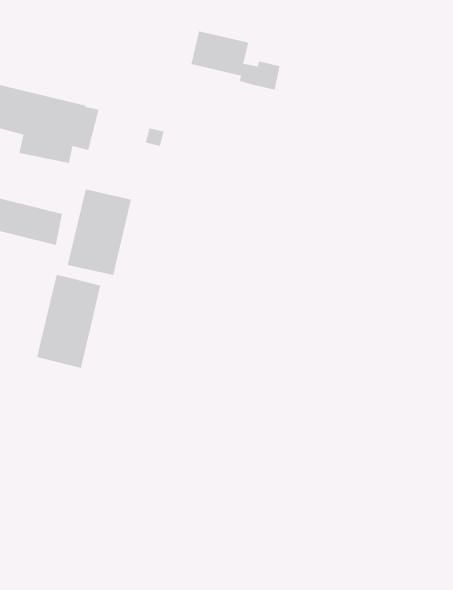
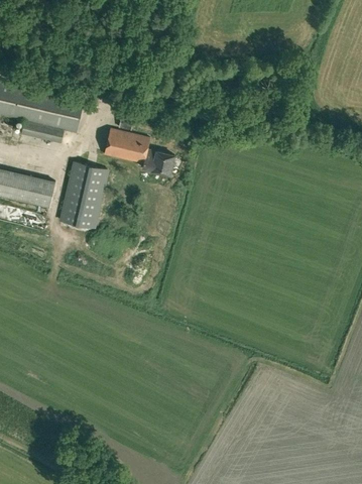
building: [191,31,281,91] -> [105,128,174,174]
building: [36,274,101,369] -> none

